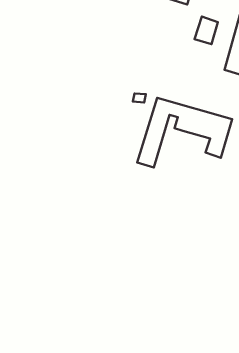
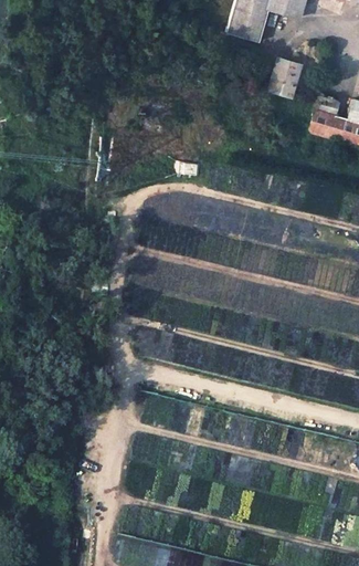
building: [137,98,232,167] -> none

